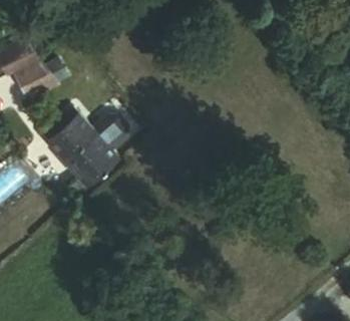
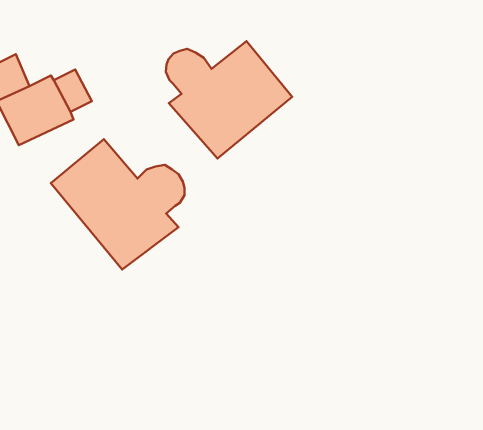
building: none -> [166,41,292,158]

